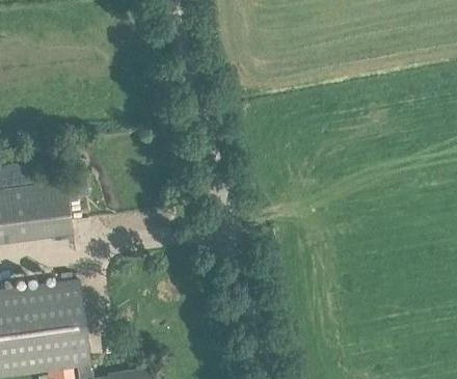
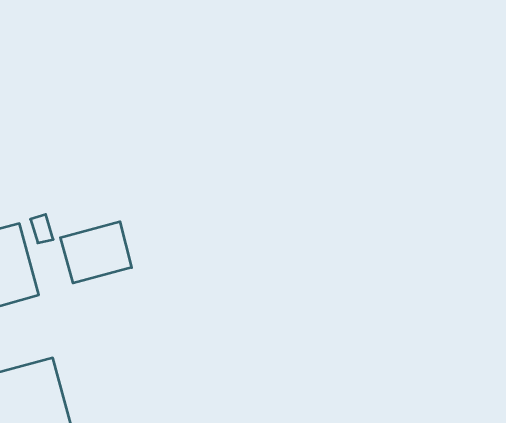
building: none -> [60,222,132,283]

